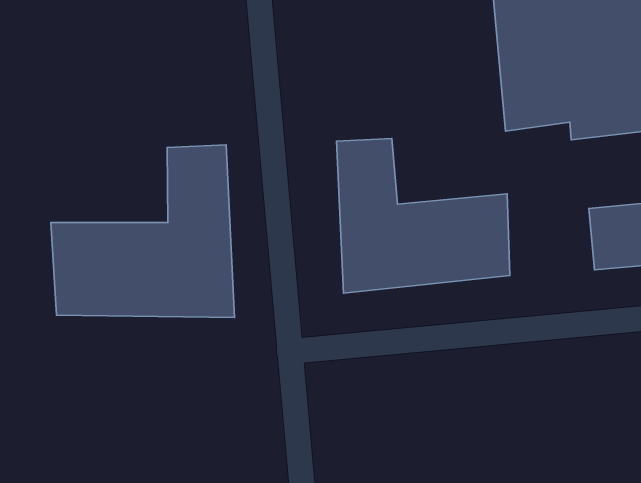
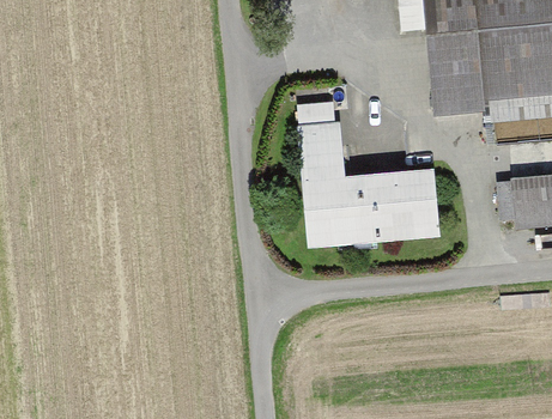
building: [51,145,234,317] -> none

